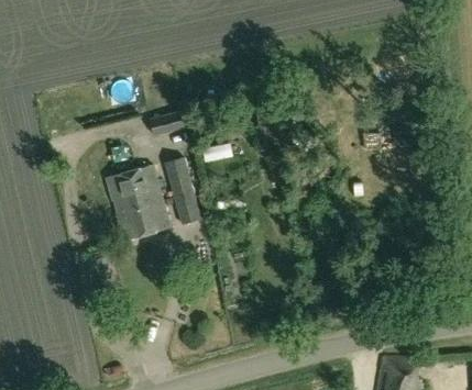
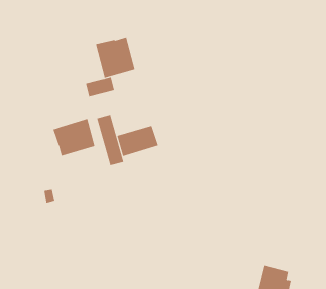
building: none -> [96,37,135,79]
building: [117,200,172,241] -> [117,126,158,156]

